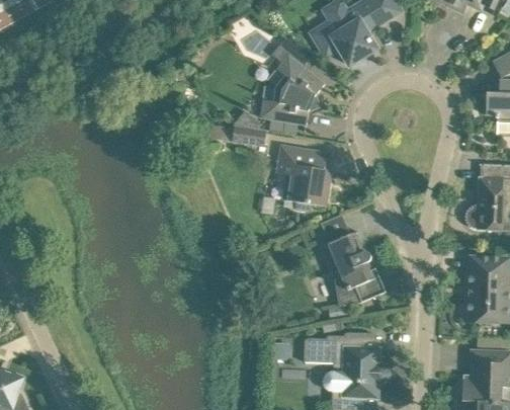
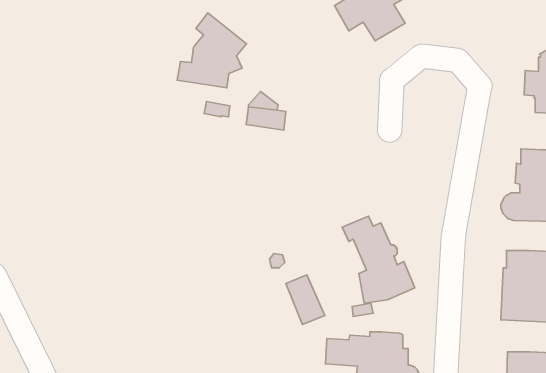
building: [260,55,324,124] -> [177,13,247,88]
building: [276,145,330,210] -> none
building: none -> [286,275,325,325]

